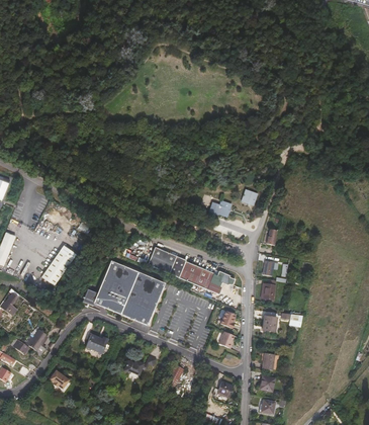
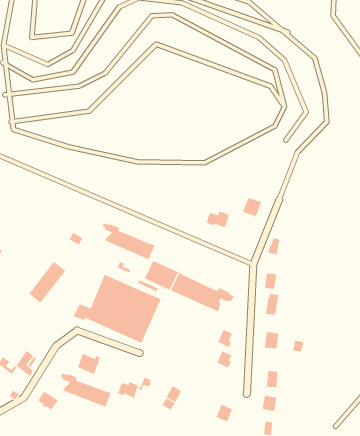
building: none -> [103,222,155,260]
building: none -> [61,373,111,407]

